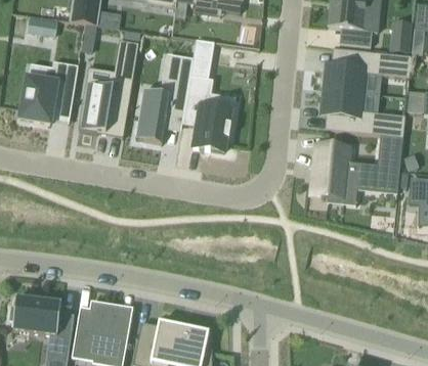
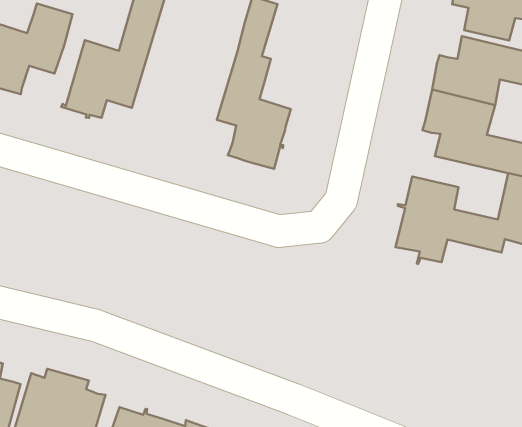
building: [135,56,192,143] -> none

